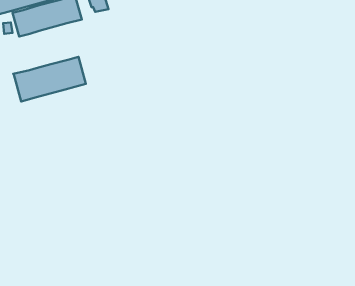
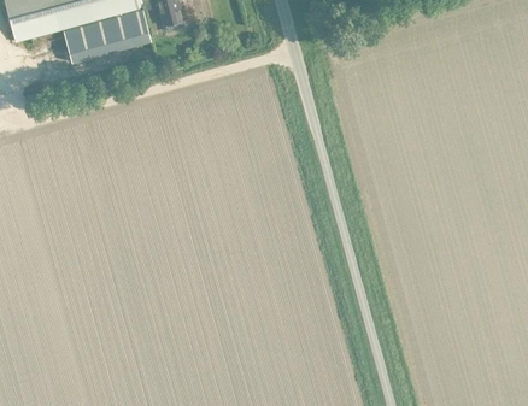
building: [13,57,86,102] -> none

